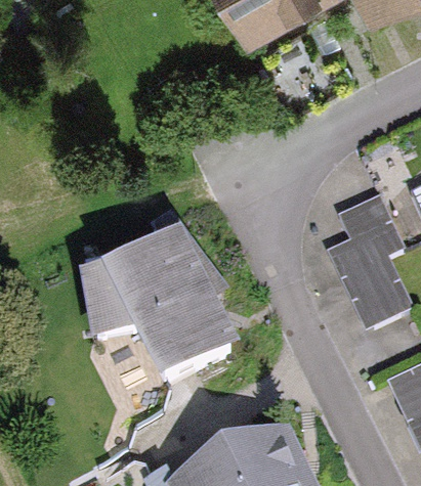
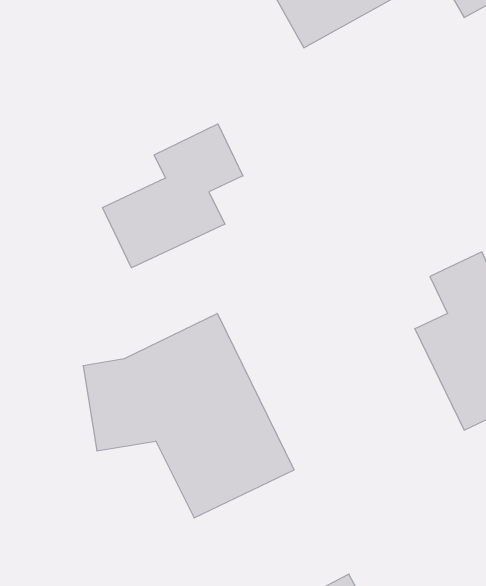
building: none -> [103,124,243,268]

